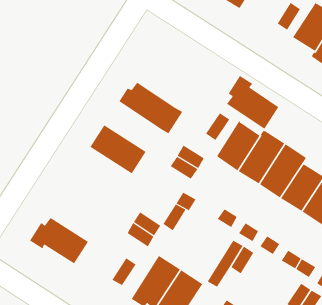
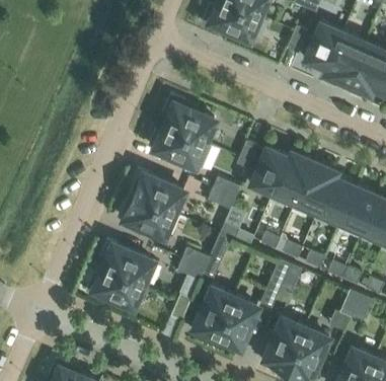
building: [226,75,279,129] -> [164,96,215,144]
building: none -> [120,195,174,237]
building: none -> [102,242,154,285]

